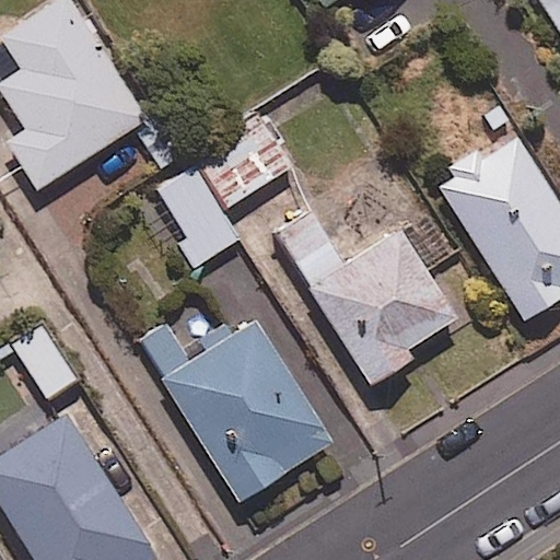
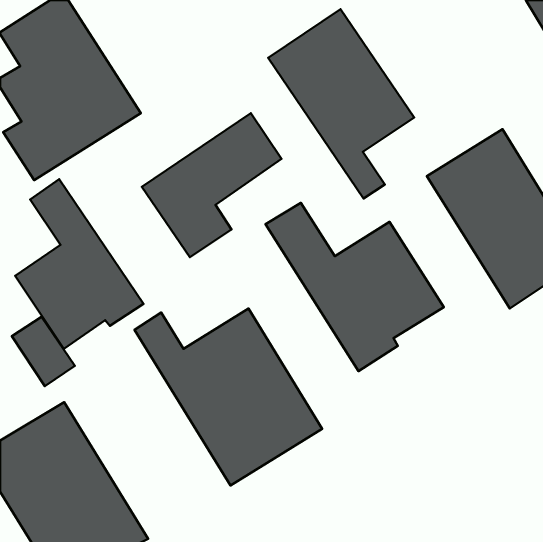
building: none -> [268,9,414,198]
building: none -> [15,179,143,349]

